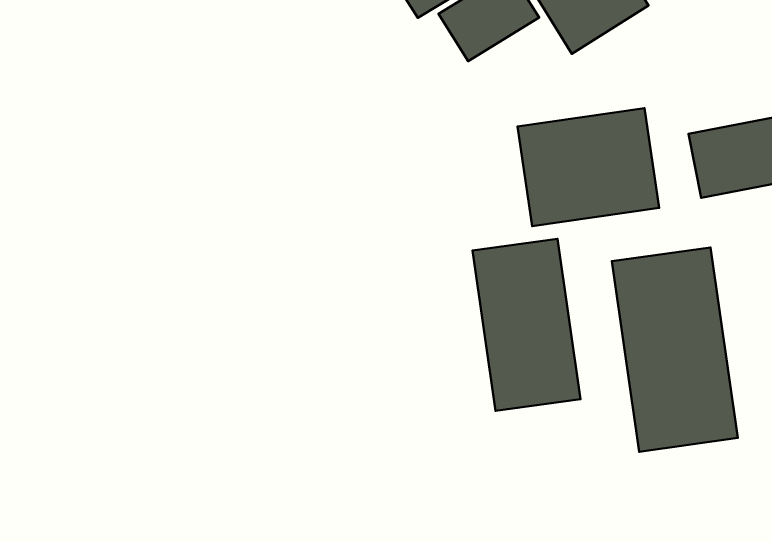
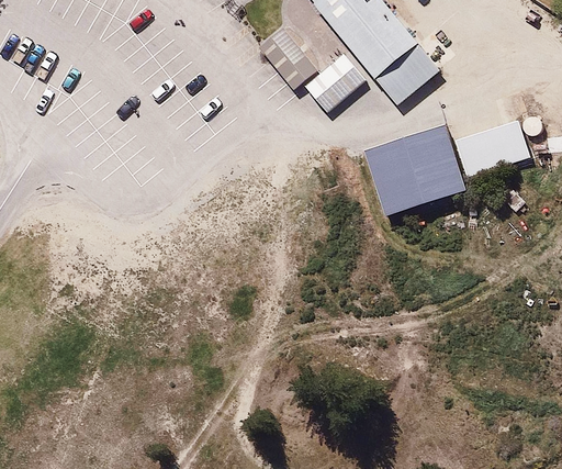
building: [472,239,581,411] -> none
building: [612,247,738,452] -> none

